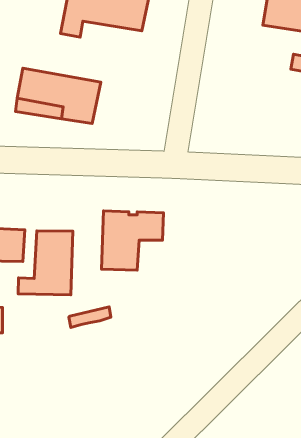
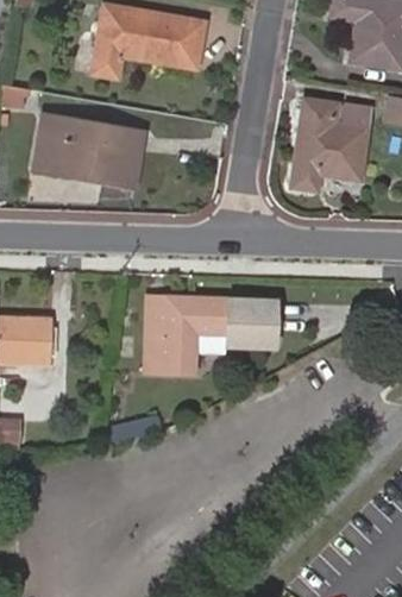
building: none -> [294,100,371,189]
building: none -> [222,298,272,346]
building: [18,231,73,295] -> none

